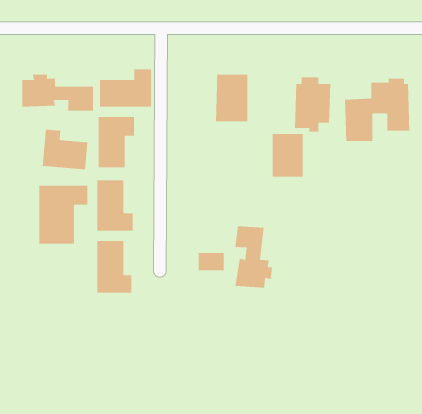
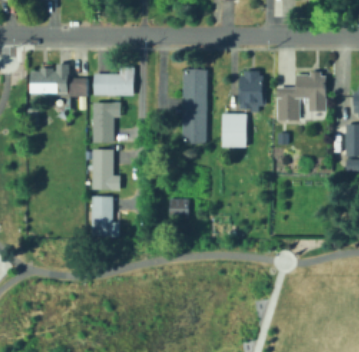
building: none -> [180,105,205,142]
building: [42,129,88,170] -> none
building: [39,185,88,244] -> none
building: [235,225,273,288] -> none

